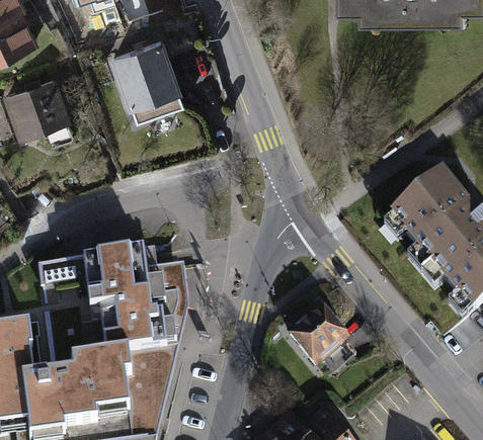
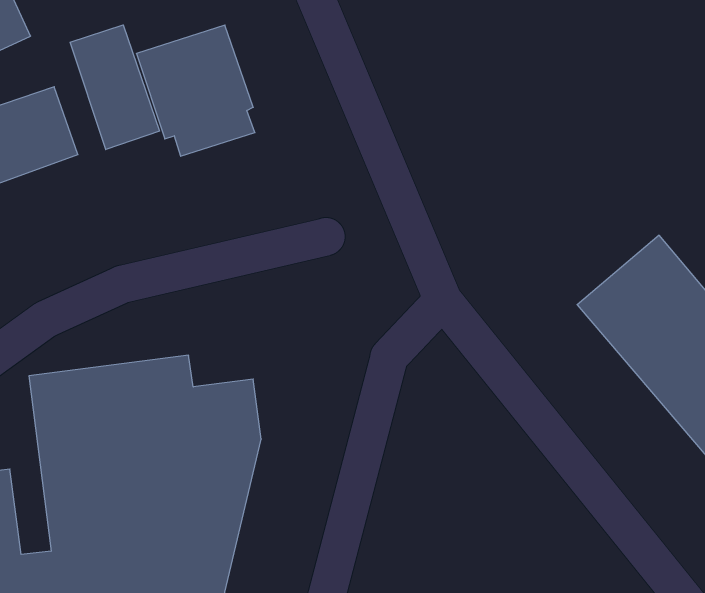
building: none -> [70,25,160,150]
building: [287,307,356,379] -> none

